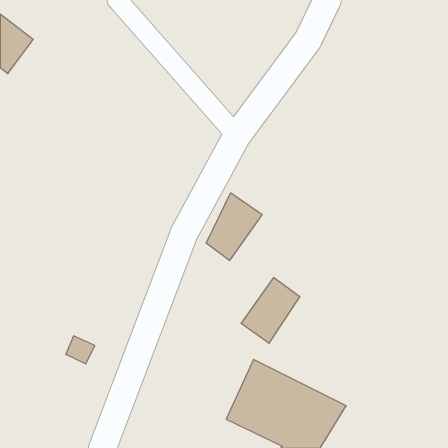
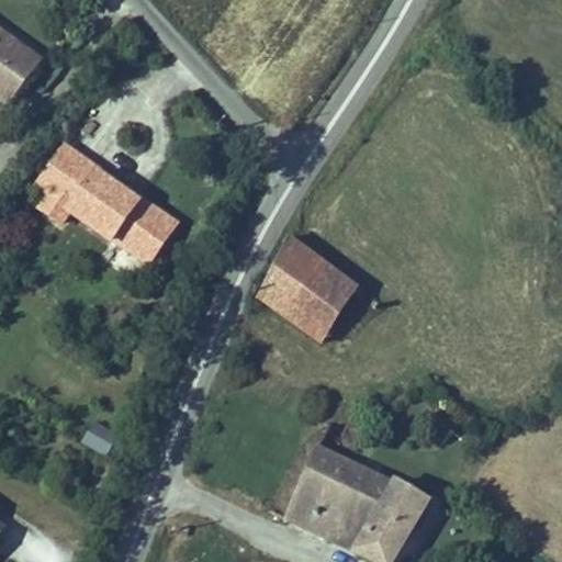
building: none -> [41,136,172,254]
building: [241,278,300,343] -> [288,269,361,351]

